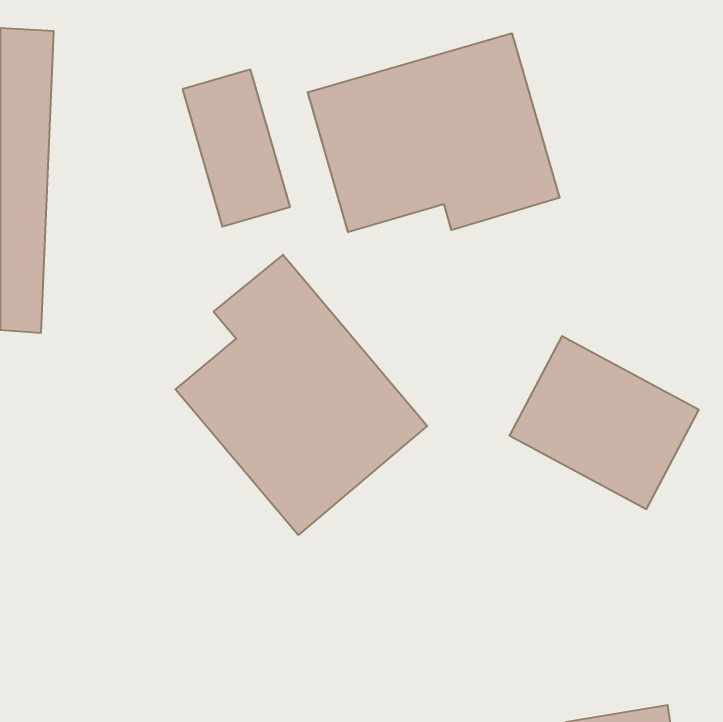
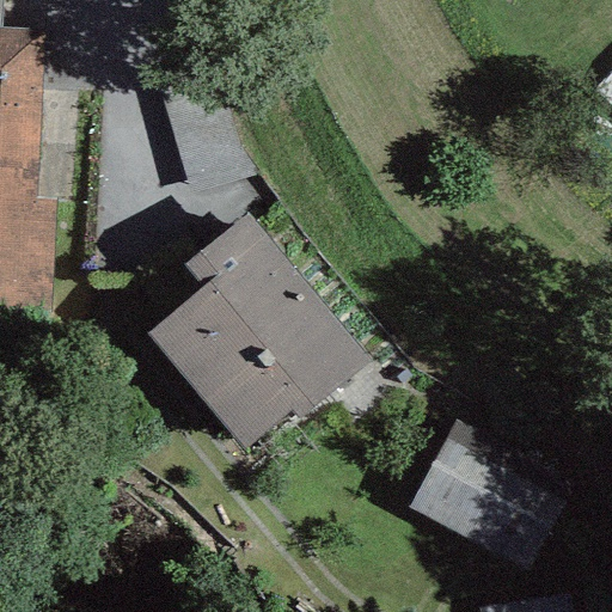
building: [308,33,560,232] -> none
building: [509,336,699,509] -> [411,423,571,569]

